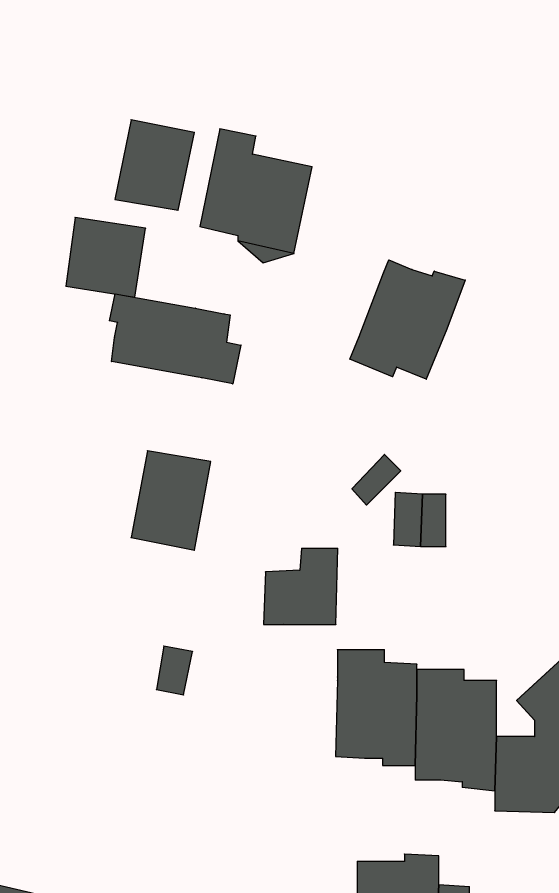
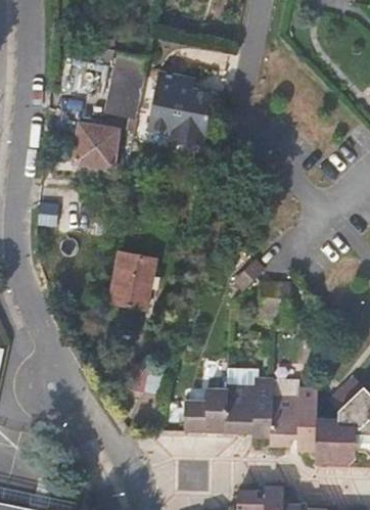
building: [350,260,465,379] -> none
building: [109,294,241,384] -> none
building: [264,548,338,624] -> [185,387,227,430]

